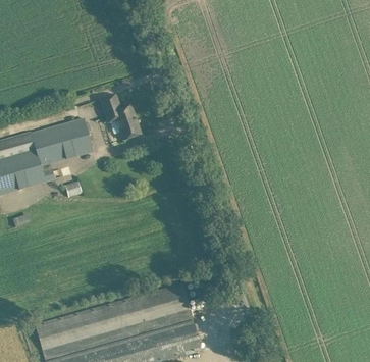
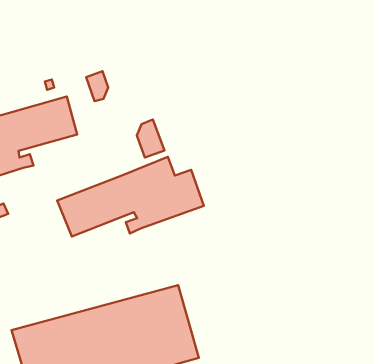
building: [117,104,142,138] -> [137,119,164,157]
building: none -> [57,157,204,237]

